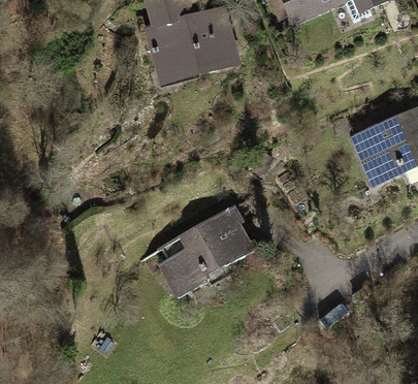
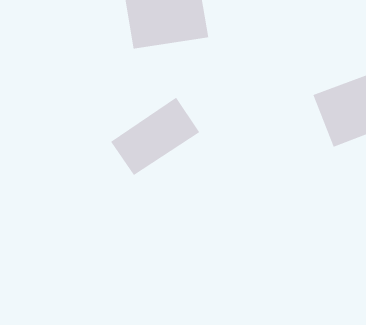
building: [153,212,248,295] -> [110,97,200,176]

